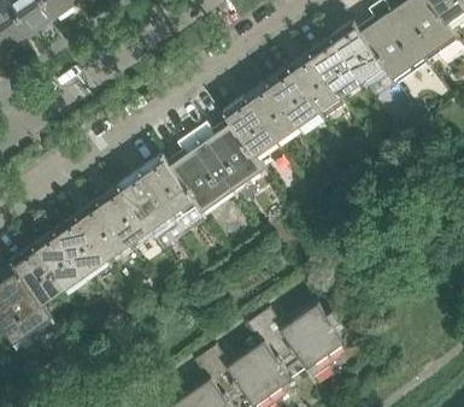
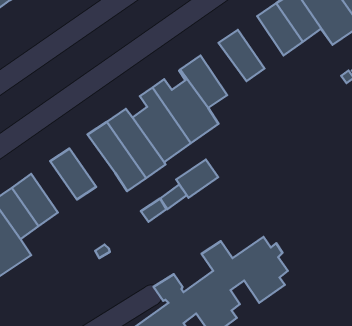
building: [288,52,340,111] -> none
building: [246,82,298,141] -> none
building: [98,185,149,244] -> none
building: none -> [176,160,218,198]
building: [54,216,106,273] -> none

